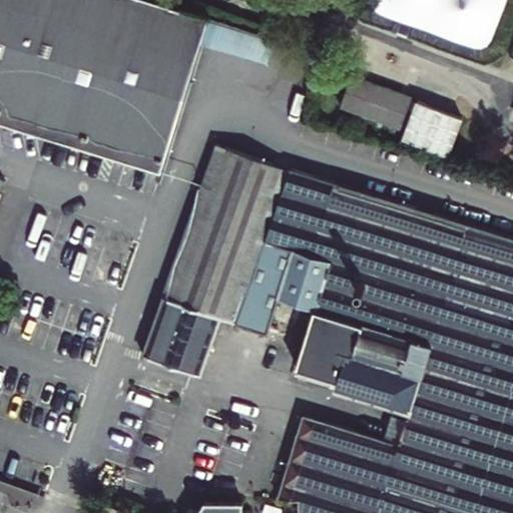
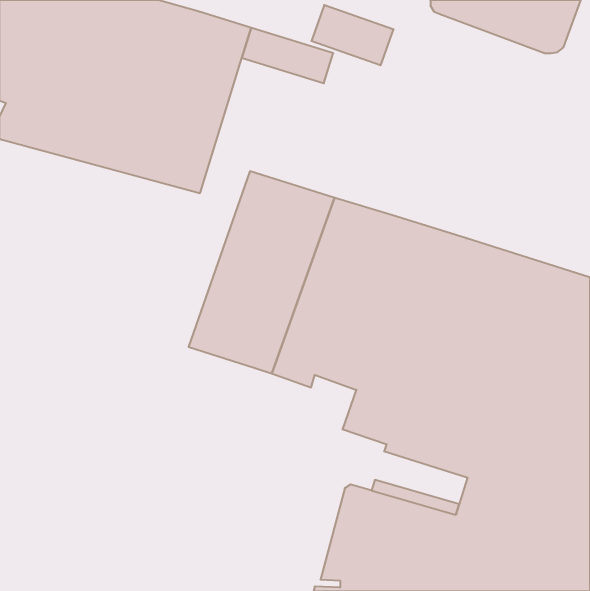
building: [339,79,410,131] -> [311,5,394,65]
building: [401,104,459,159] -> none
building: [142,301,220,380] -> none

